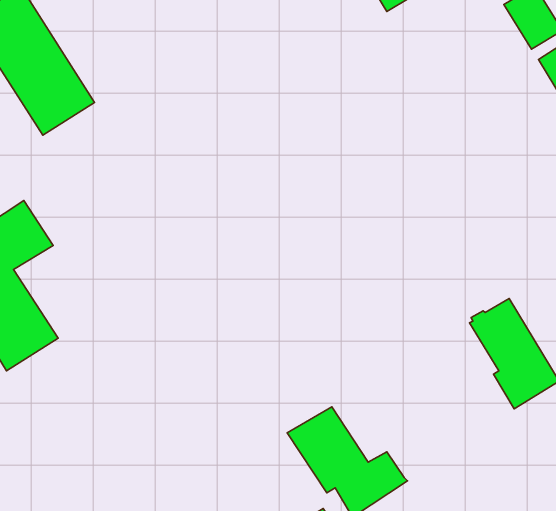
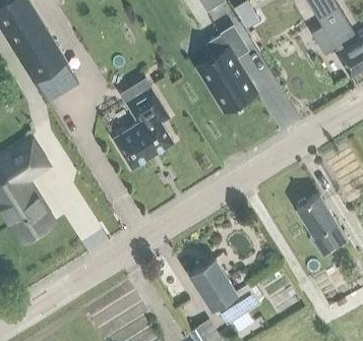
building: none -> [198,22,253,109]
building: none -> [114,86,174,166]

